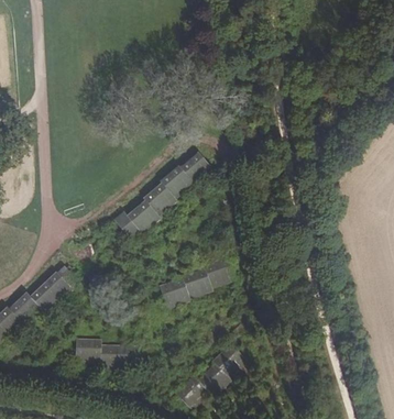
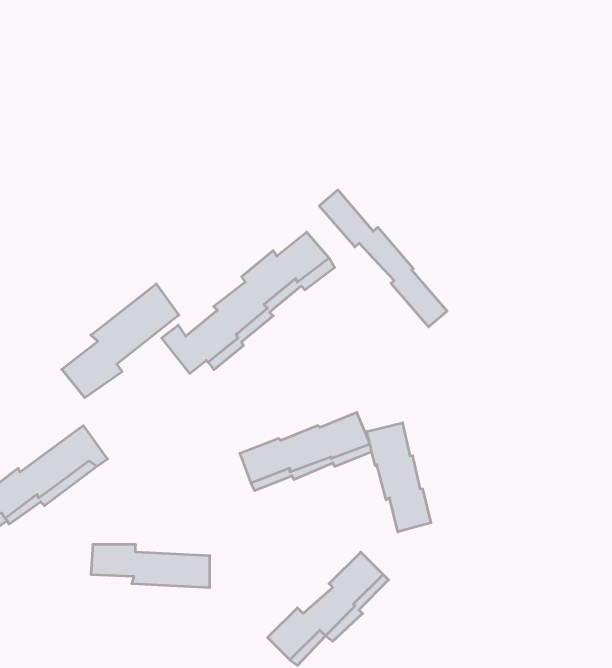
building: none -> [319,190,447,327]
building: none -> [62,284,179,398]
building: none -> [367,423,431,532]

